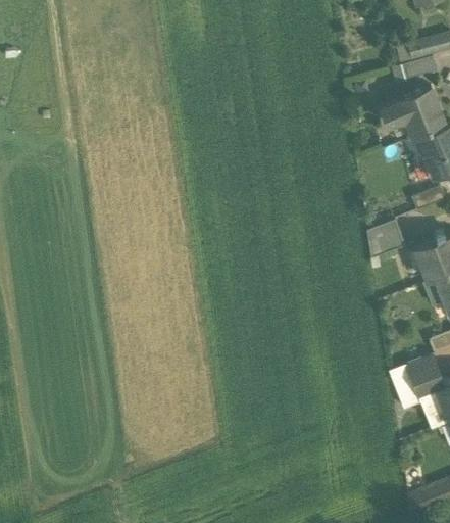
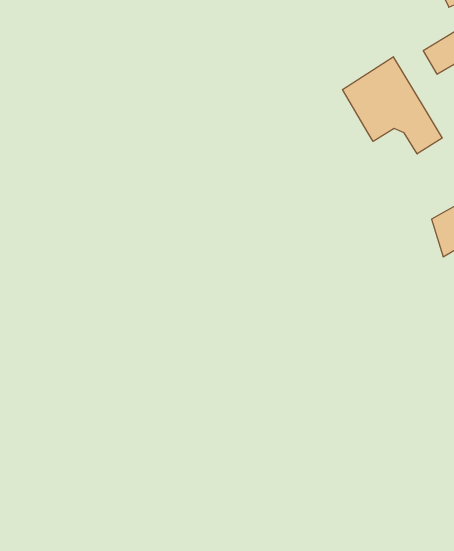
building: none -> [343,57,442,154]

